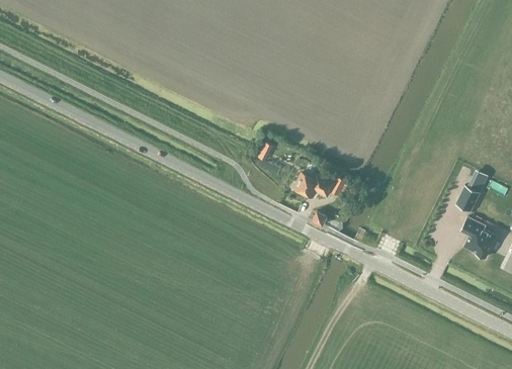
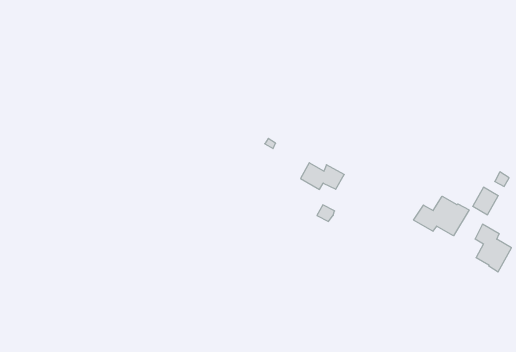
building: none -> [414,196,469,236]

